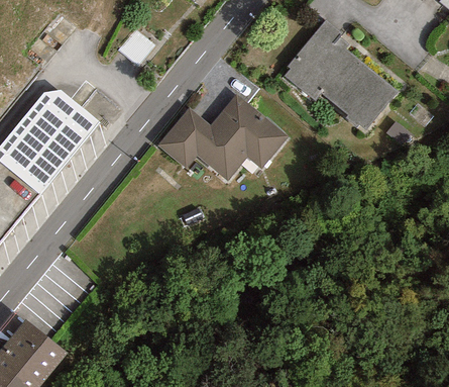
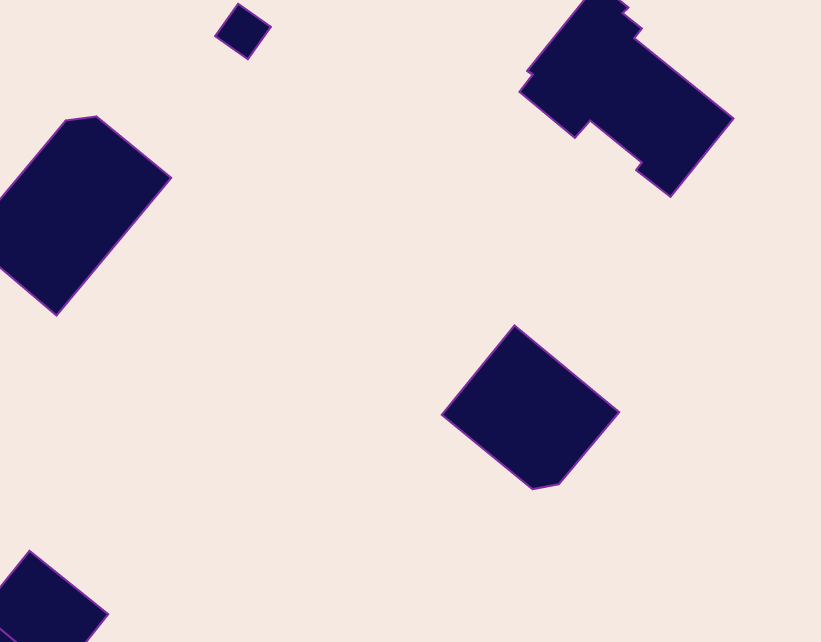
building: [157,93,289,180] -> none
building: none -> [442,325,619,489]

